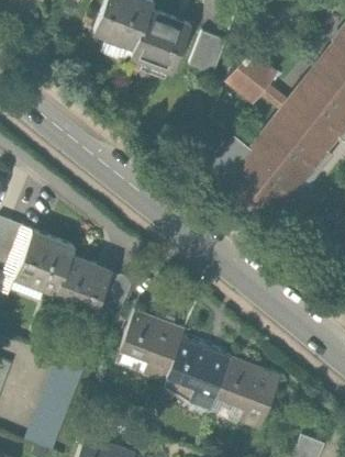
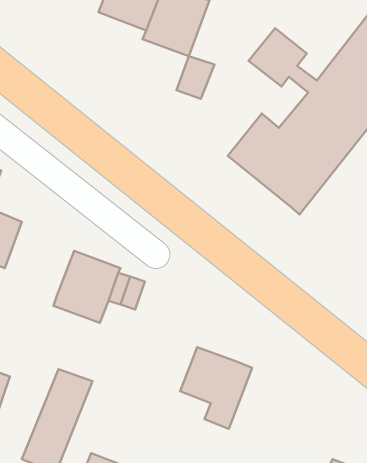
building: [191,37,225,76] -> [177,56,214,99]
building: [12,228,74,292] -> none
building: [118,310,185,386] -> none
building: [210,358,280,433] -> none

